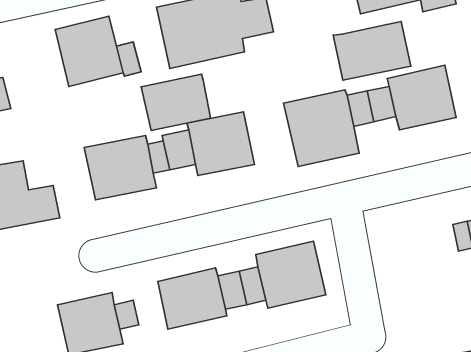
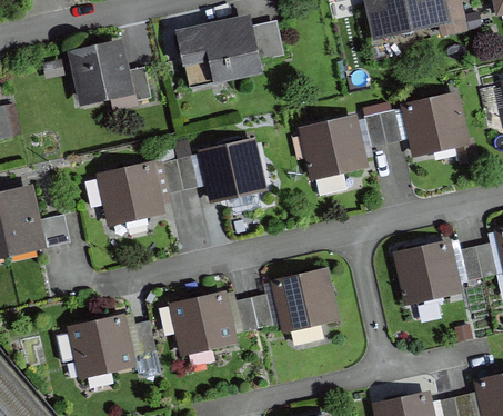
building: [333,21,411,80] -> none
building: [141,74,210,130] -> none
building: none -> [393,241,462,307]

